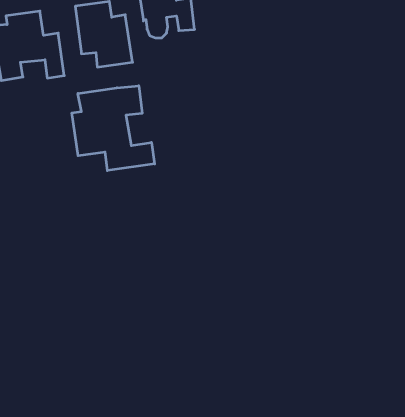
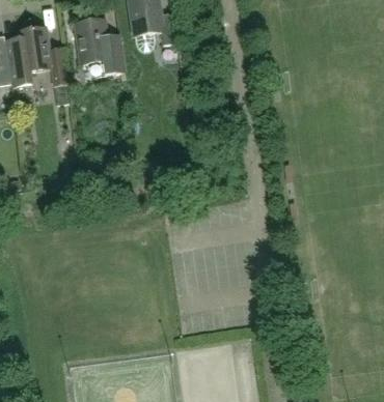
building: [72,86,155,171] -> none

